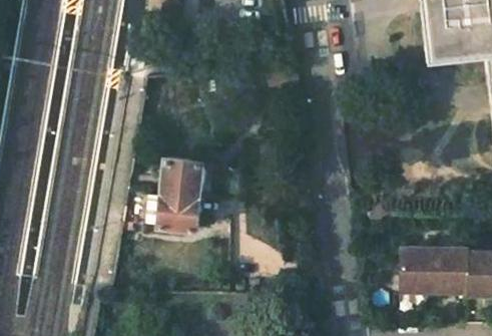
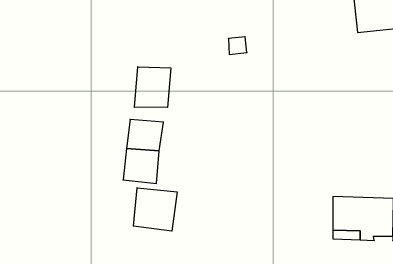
building: none -> [134,67,171,107]
building: none -> [133,188,177,231]

